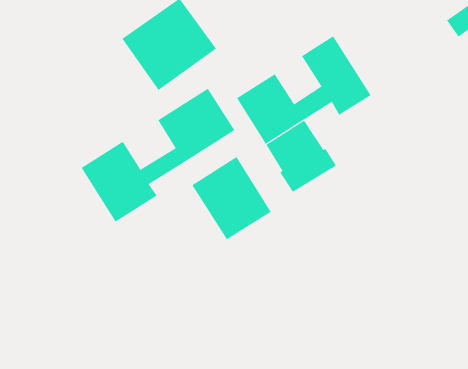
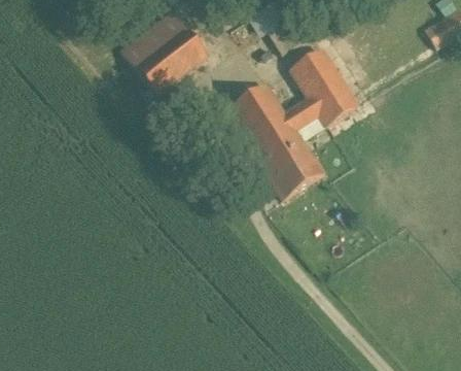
building: [81,88,235,222] -> none
building: [192,156,271,240] -> none

